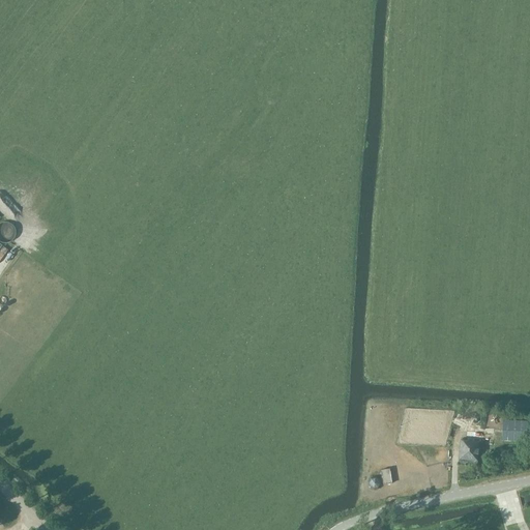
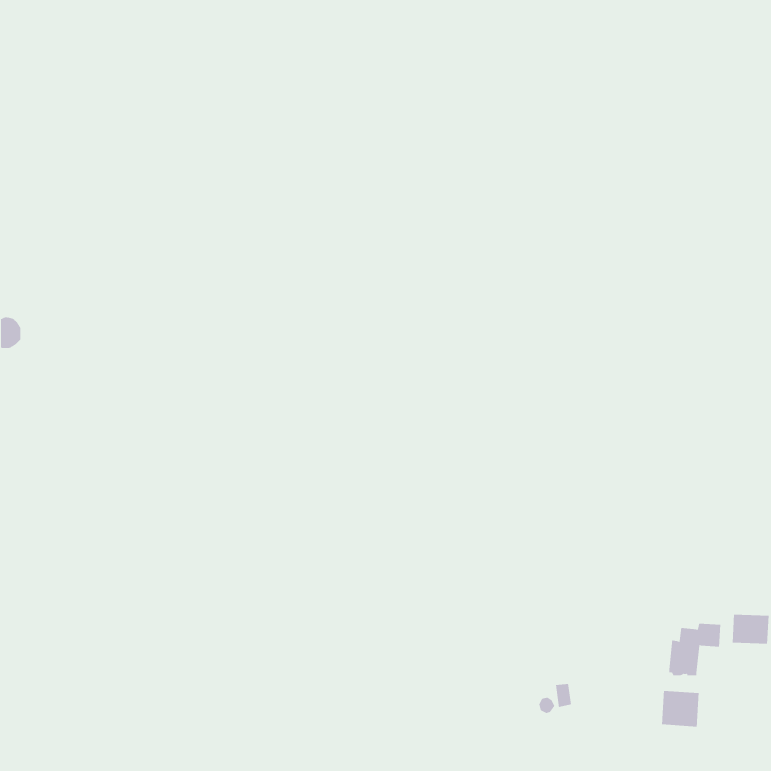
building: none -> [661,690,699,727]

